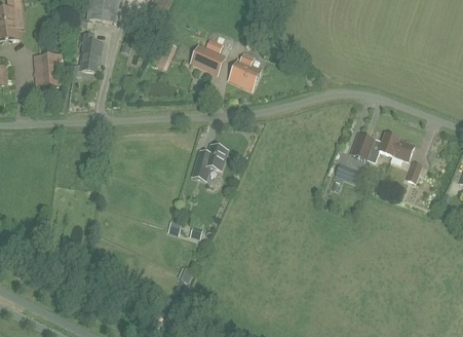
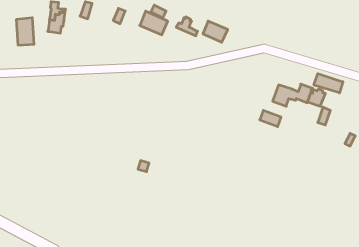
building: [228,64,258,89] -> [203,21,228,42]
building: none -> [314,74,343,93]
building: [192,144,226,179] -> none

